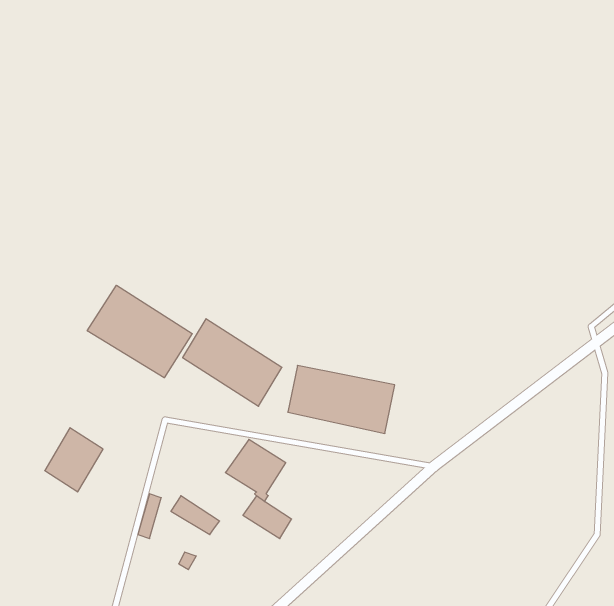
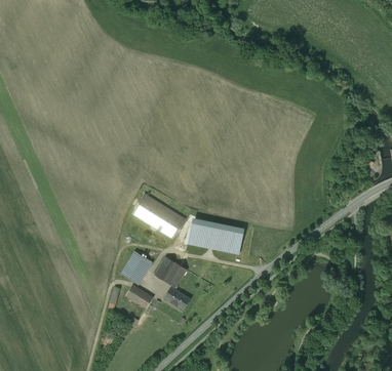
building: [87,285,192,378] -> none
building: [45,428,103,492] -> [120,251,151,285]

